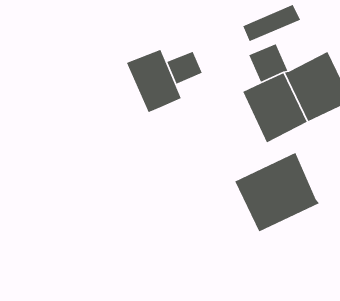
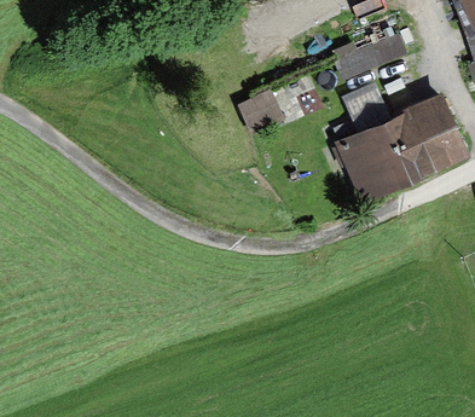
building: [126,49,182,113] -> none
building: [234,152,320,233] -> none

